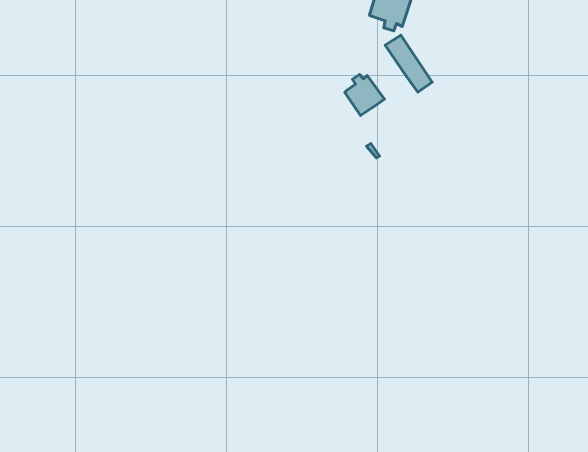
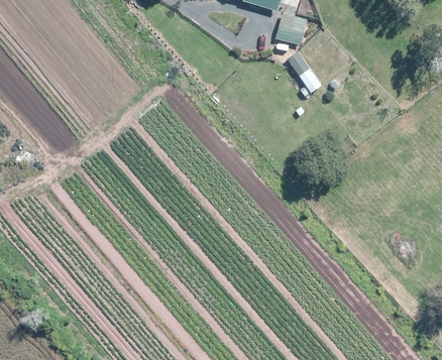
building: [345,74,384,116] -> none

